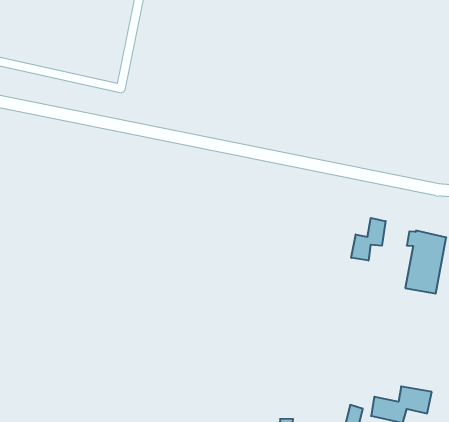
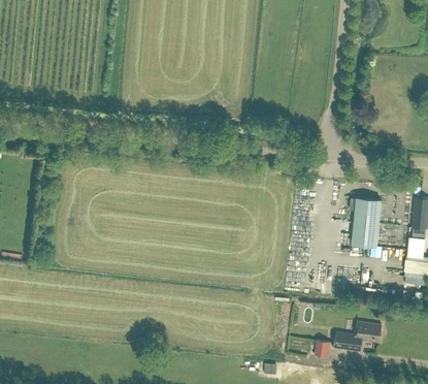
building: [351,218,386,261] -> none

